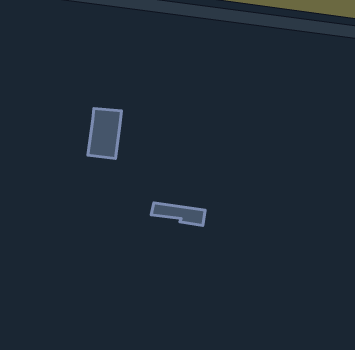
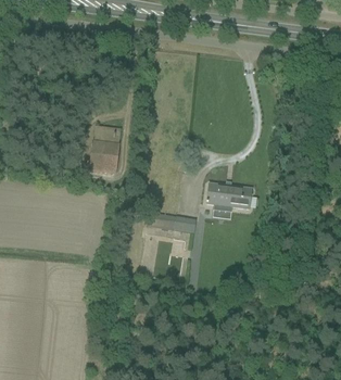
building: none -> [206,182,251,207]

